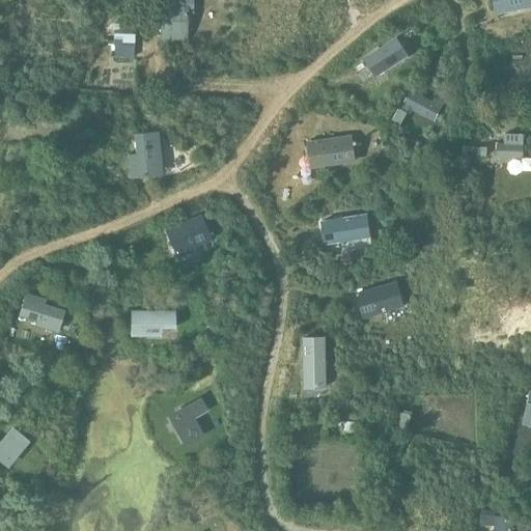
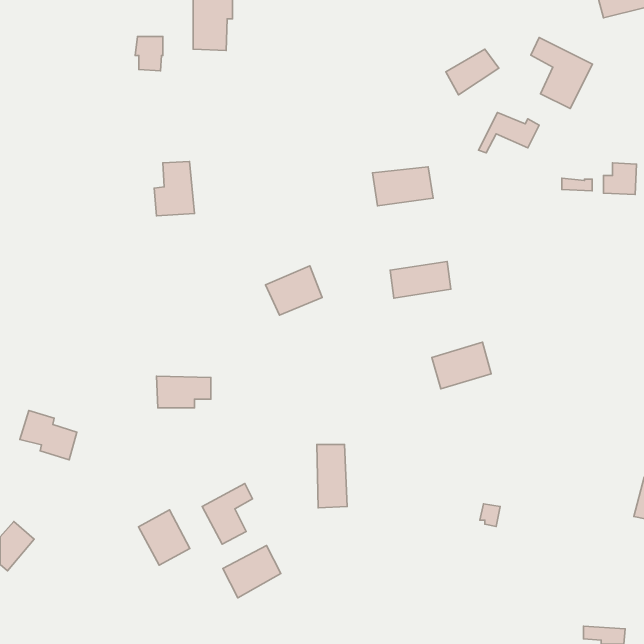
building: none -> [531,38,592,109]
building: [165,214,212,254] -> [265,266,322,315]
building: [18,291,64,332] -> [20,411,77,460]
building: [303,337,328,389] -> [317,445,347,508]
building: none -> [139,510,190,565]
building: none -> [223,545,281,598]

